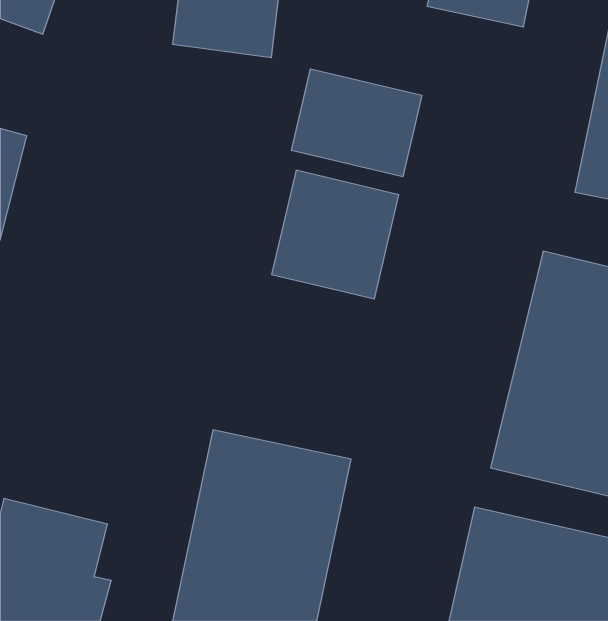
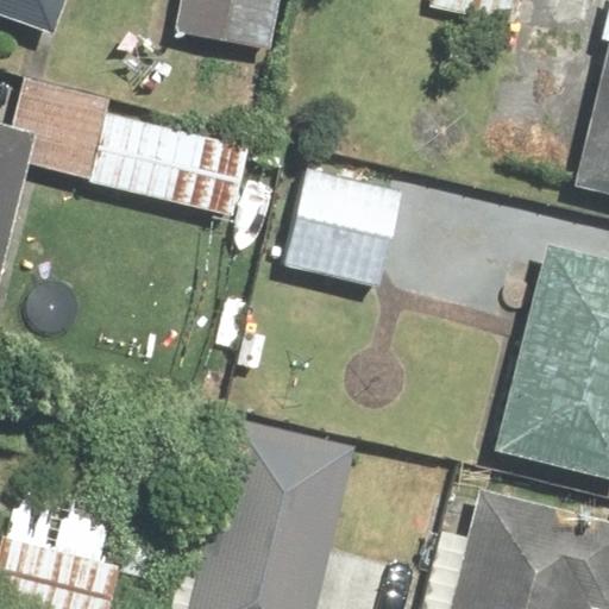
building: [292,69,422,177] -> none
building: none -> [90,109,252,220]

